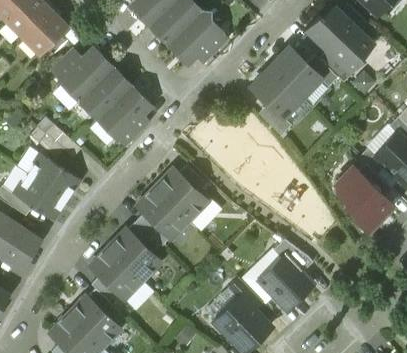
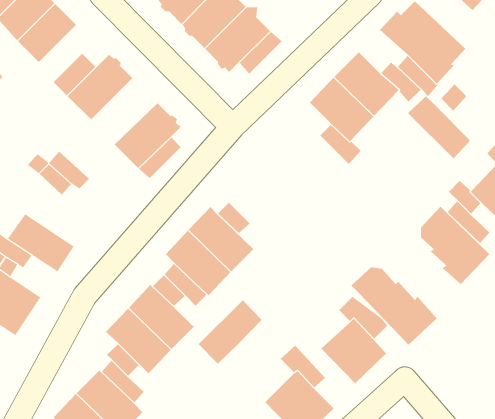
building: [79,68,131,120] -> none
building: none -> [407,95,471,159]
building: [27,154,80,200] -> none
building: none -> [351,267,437,346]
building: none -> [198,299,263,365]

